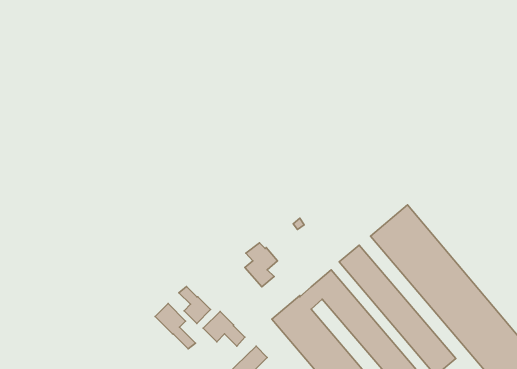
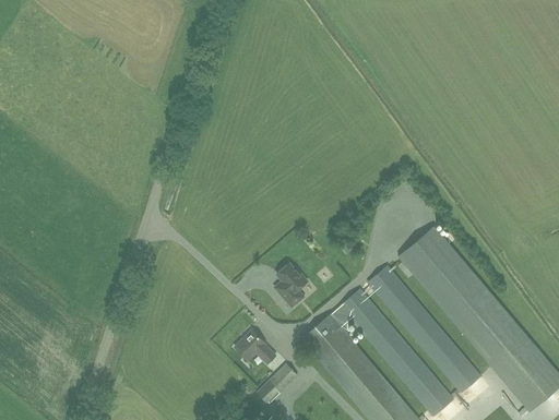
building: [179,286,210,323] -> none
building: [155,304,195,349] -> none

